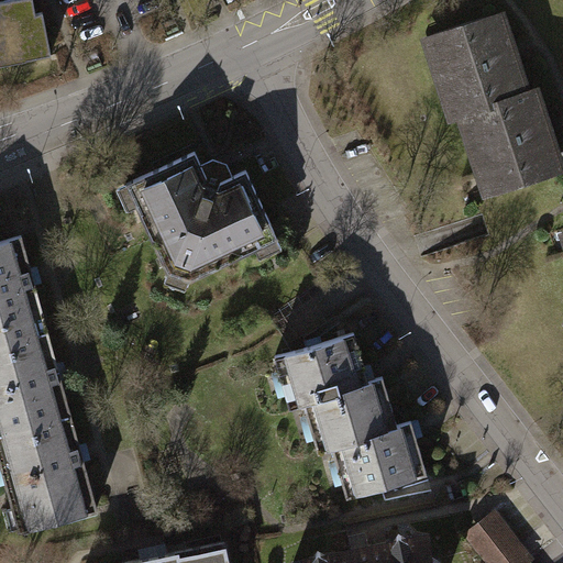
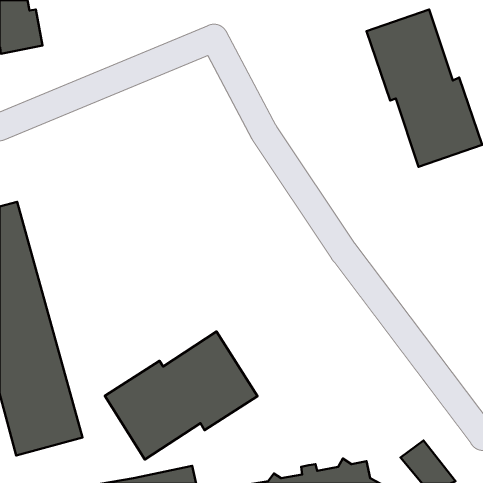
building: [129,156,277,280] -> none
building: [275,333,426,495] -> none
building: none -> [105,332,258,460]

